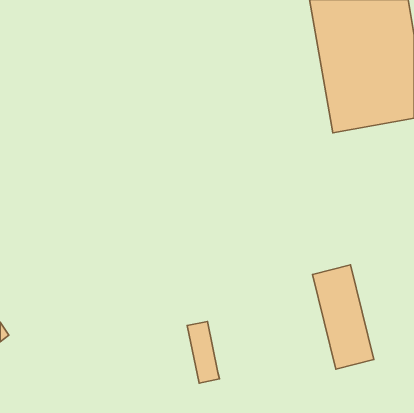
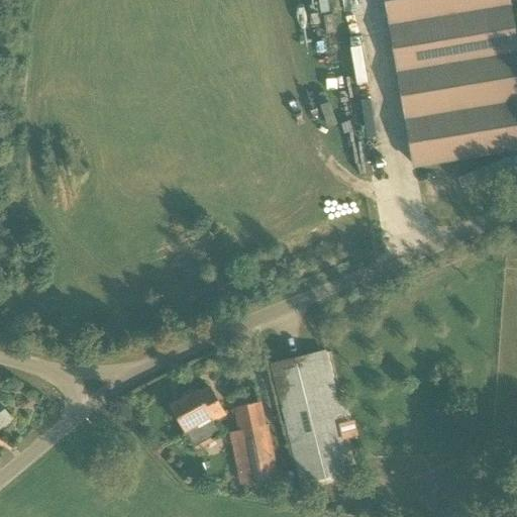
building: [312,265,374,369] -> [272,351,348,482]
building: none -> [171,386,224,445]

